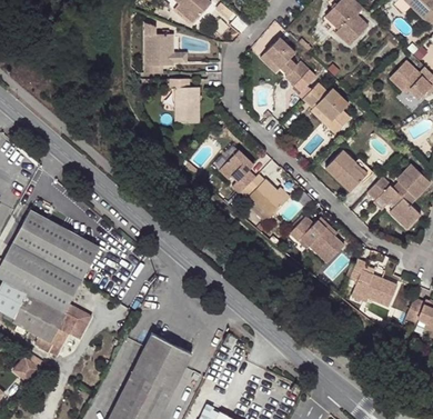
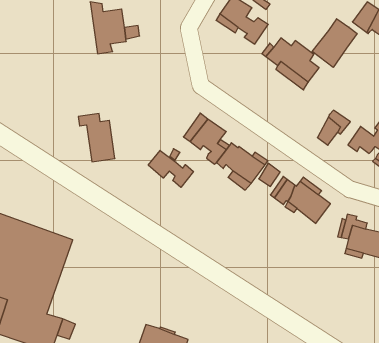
building: none -> [312,19,357,67]
building: [170,79,199,123] -> [78,114,115,162]
building: [325,149,354,181] -> none
building: none -> [148,150,193,187]

